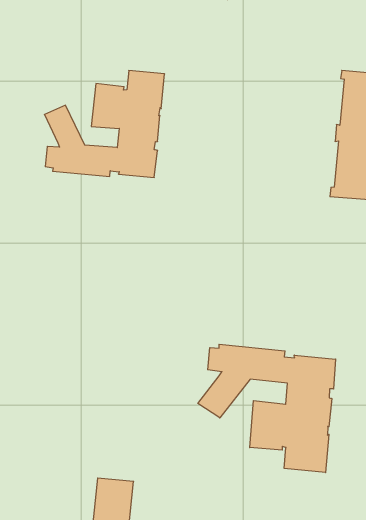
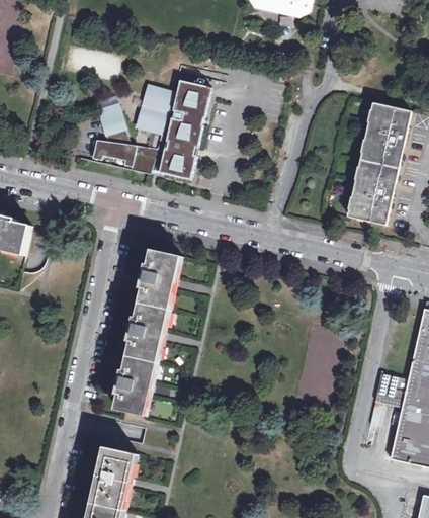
building: none -> [114,249,181,415]
building: [198,344,336,473] -> none

